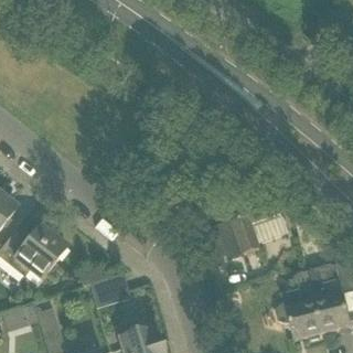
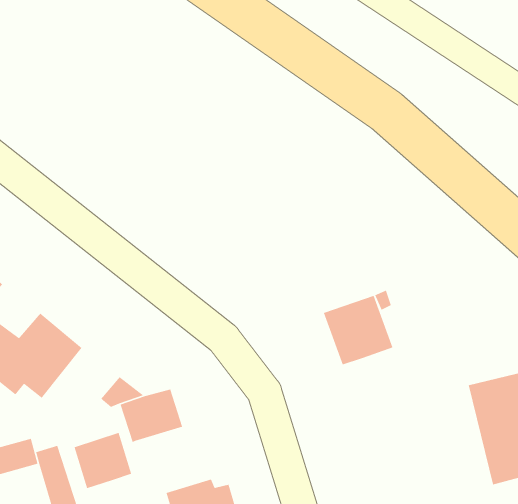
building: [277,270,323,340] -> none
building: none -> [73,432,132,489]

